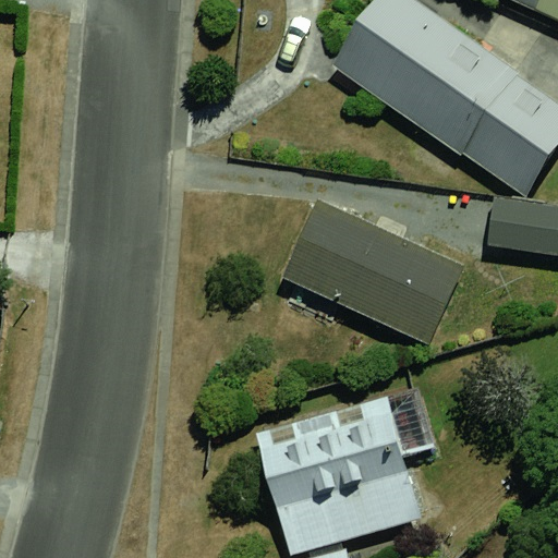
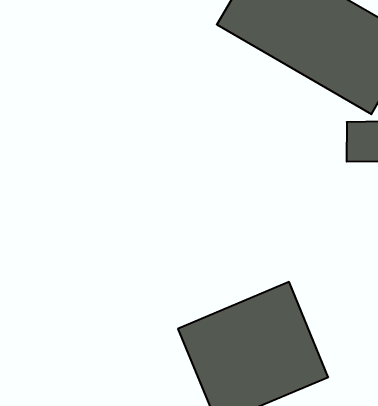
building: [274,202,466,345] -> none

